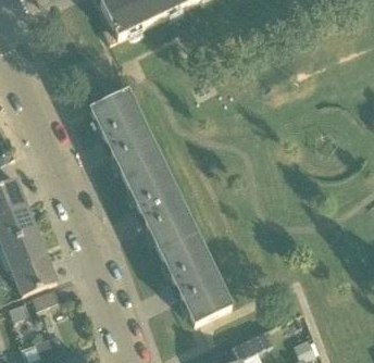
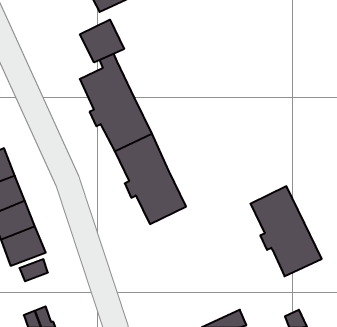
building: none -> [80,20,124,62]
building: [160,234,230,323] -> [250,186,322,276]

